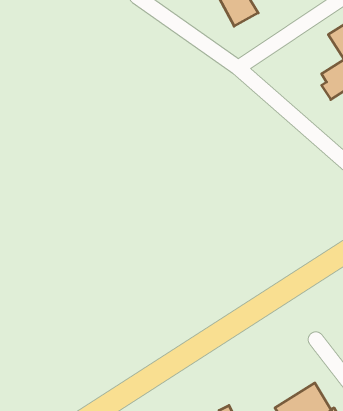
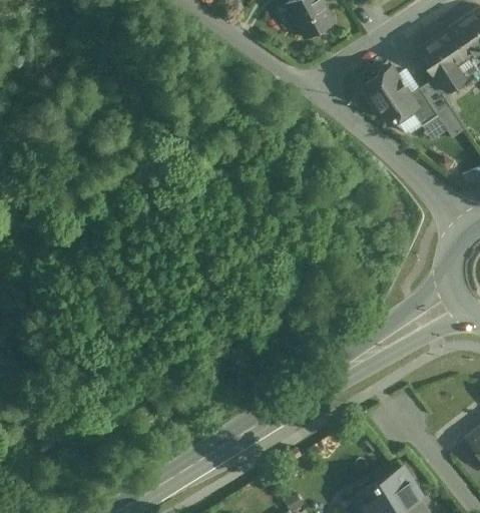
building: none -> [365,67,416,120]

